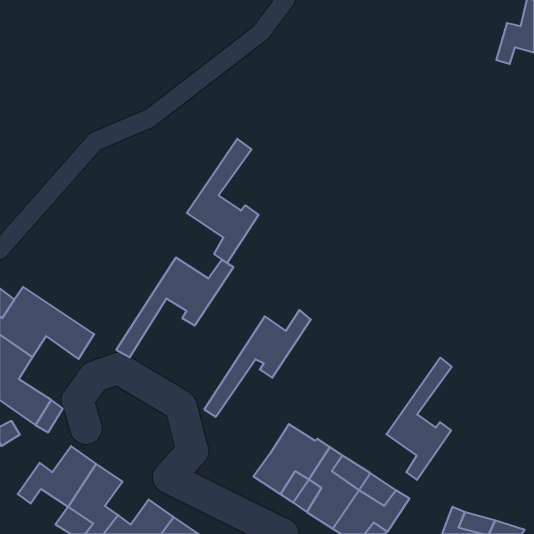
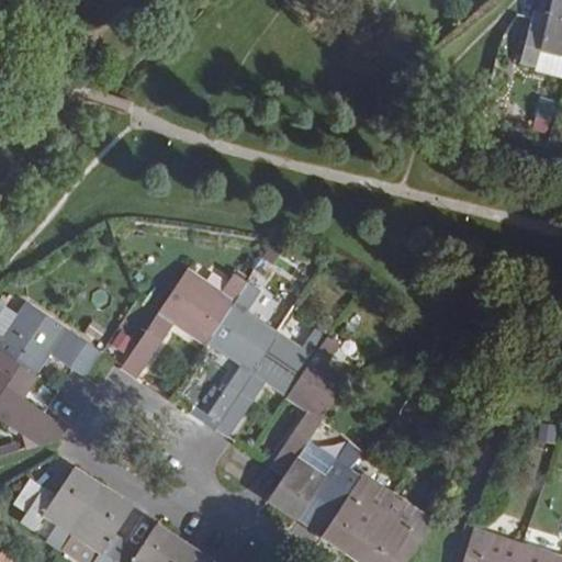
building: [187,139,259,263] -> none
building: none -> [201,280,278,429]
building: none -> [271,335,347,475]
building: [386,358,452,480] -> none

